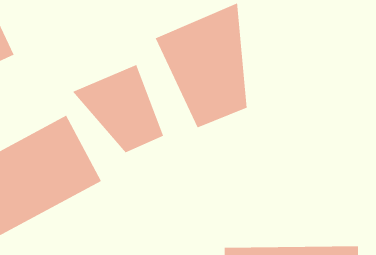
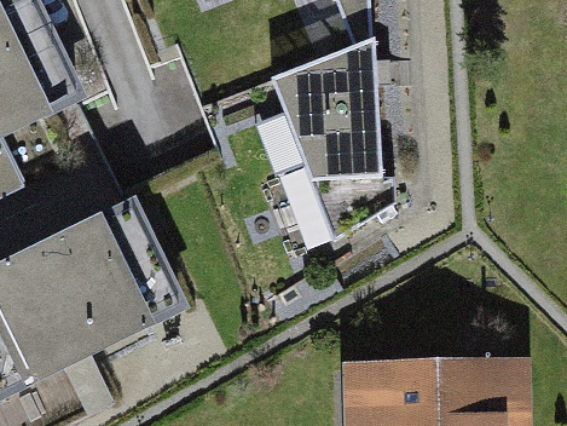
building: [72,64,164,153] -> none

